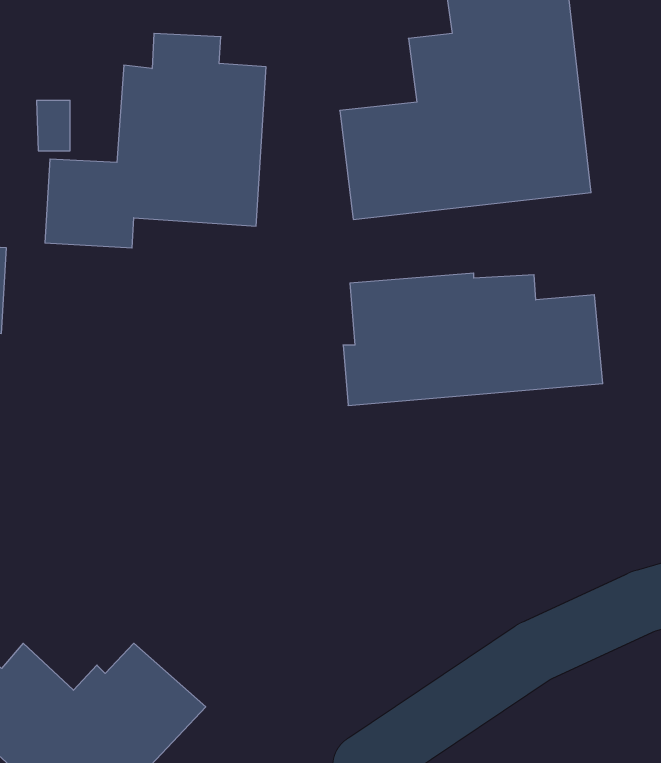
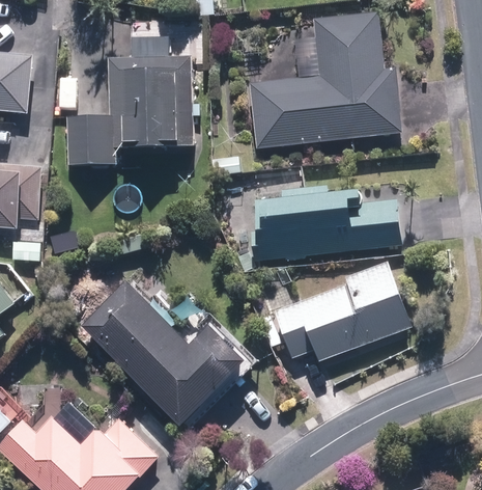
building: none -> [271,260,415,361]
building: none -> [82,276,255,426]

